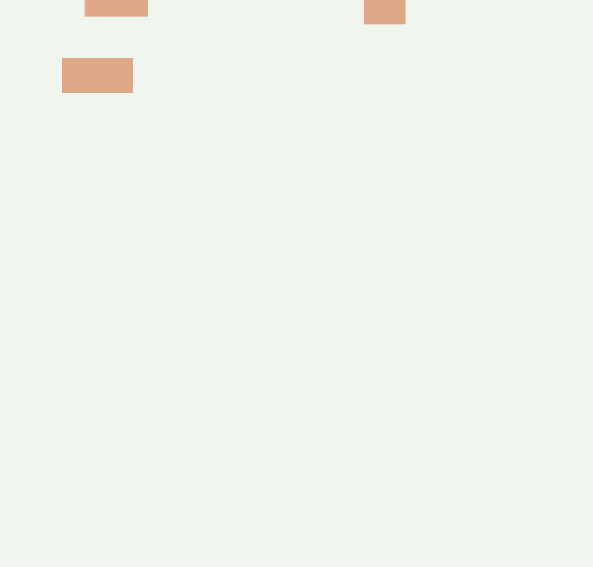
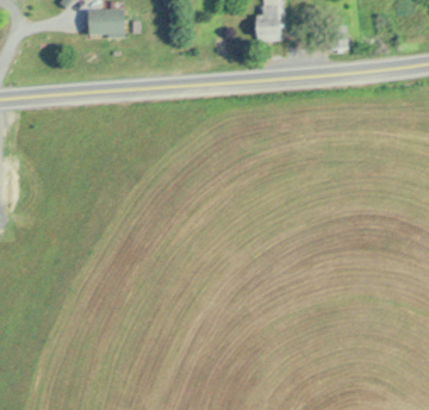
building: [61,57,134,94] -> none

